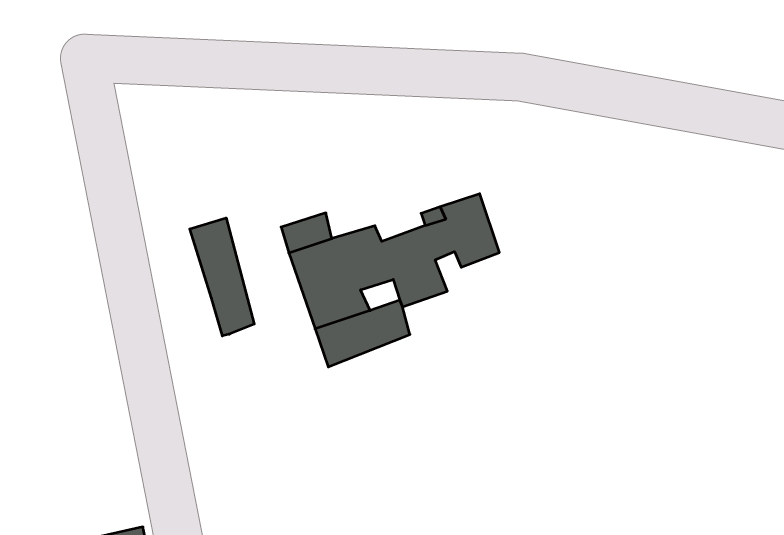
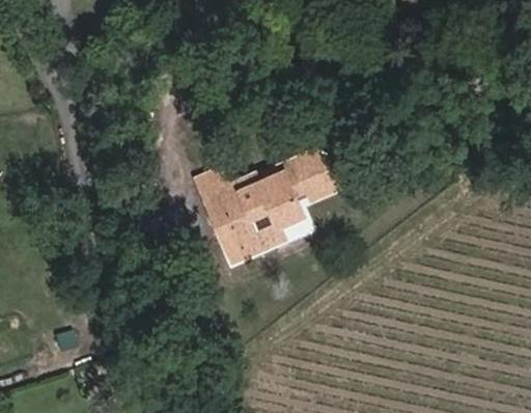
building: [190,218,254,336] -> none

